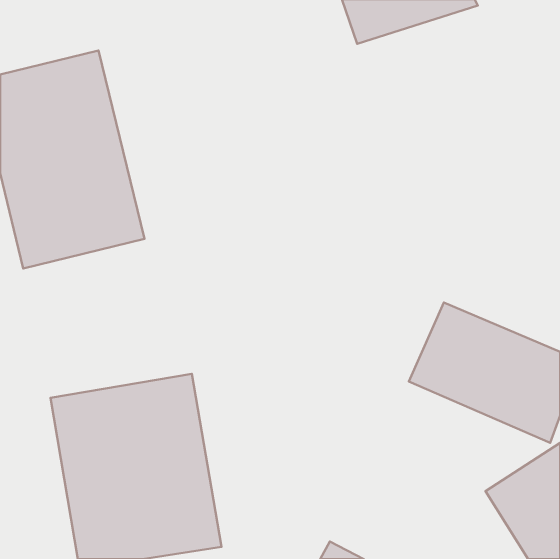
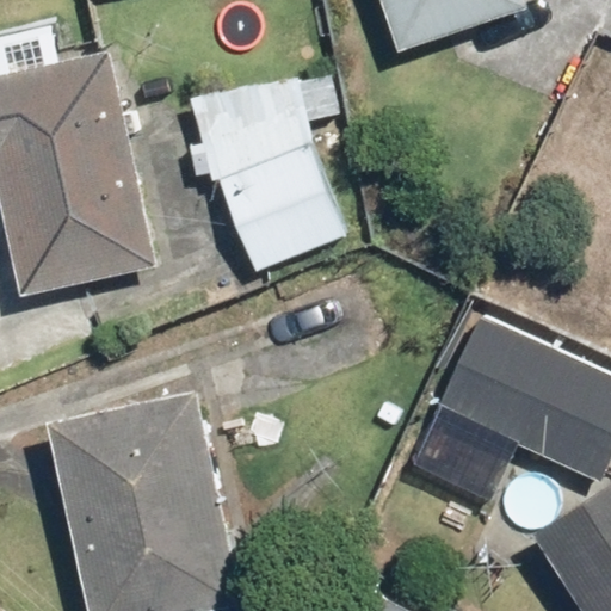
building: none -> [184,69,339,270]

